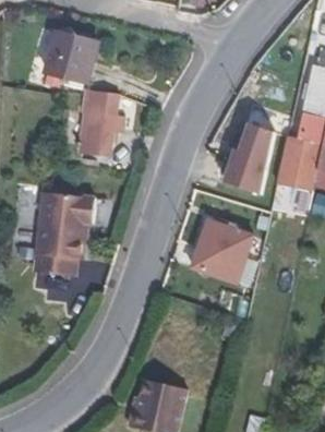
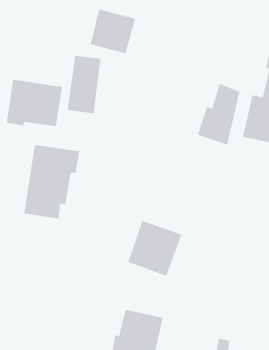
building: [45,32,97,83] -> [90,9,136,54]
building: none -> [6,79,62,127]
building: [191,219,253,284] -> [128,220,182,277]

